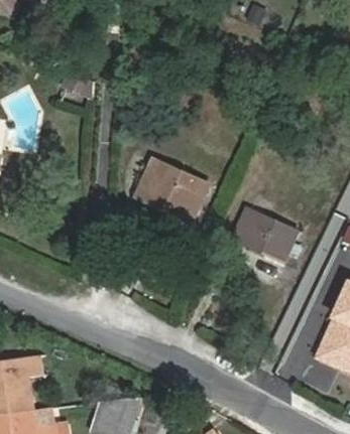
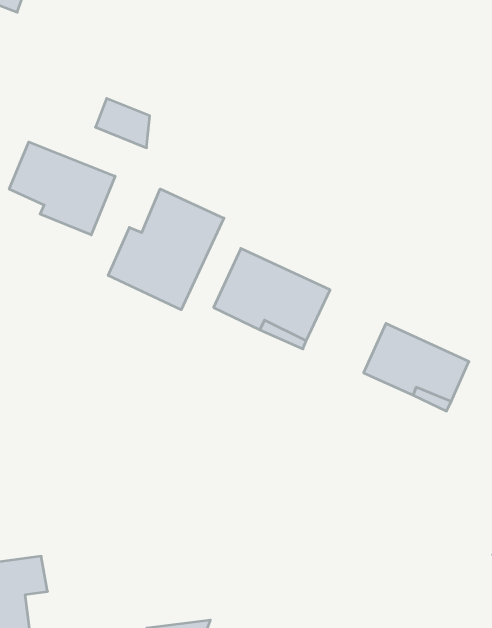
building: none -> [9,142,115,235]
building: none -> [108,189,224,310]

